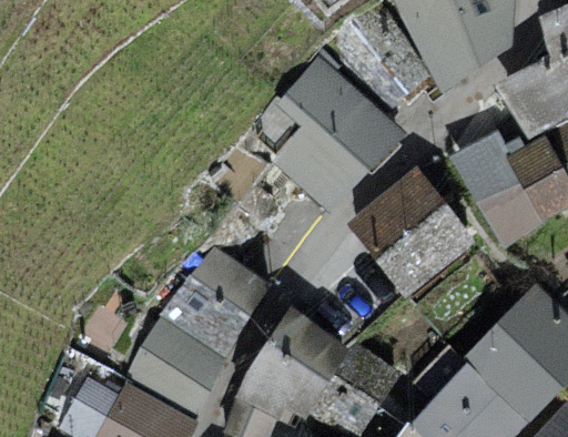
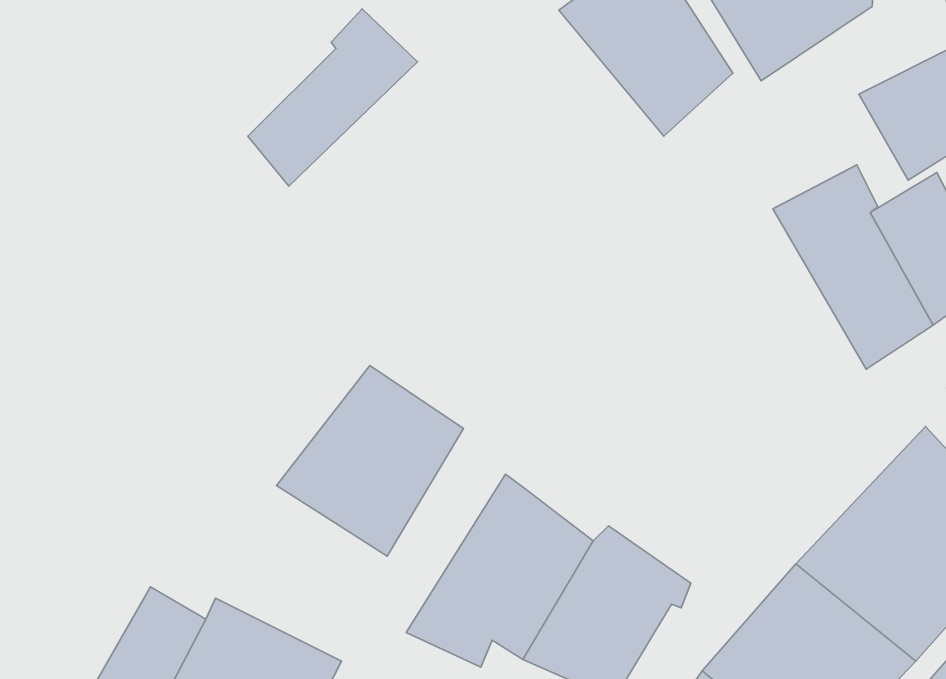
building: none -> [248,9,417,186]
building: [273,52,399,206] -> none
building: [354,176,477,297] -> none
building: [126,315,226,417] -> none

